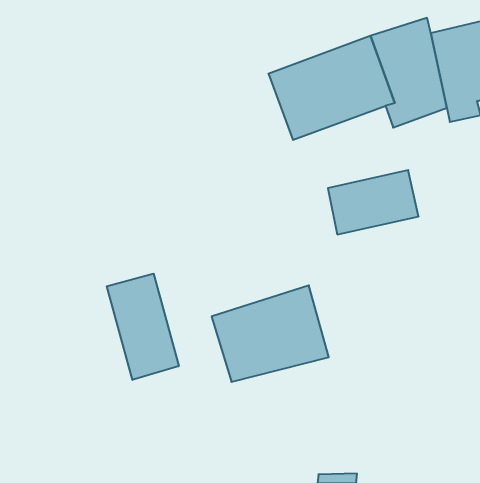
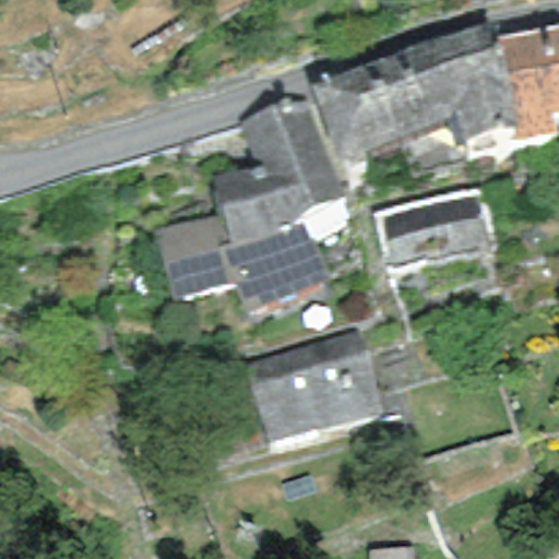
building: none -> [156,98,345,309]
building: [107,274,179,380] -> none

